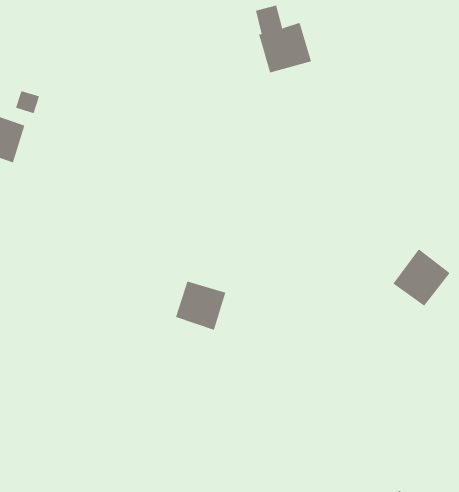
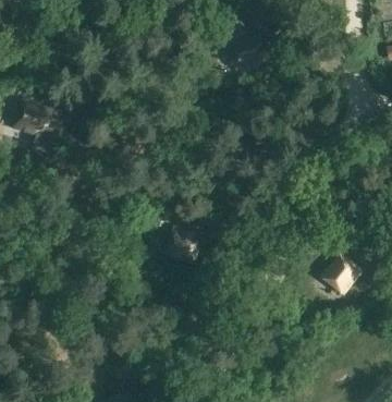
building: [392,248,451,307] -> [320,251,364,294]

